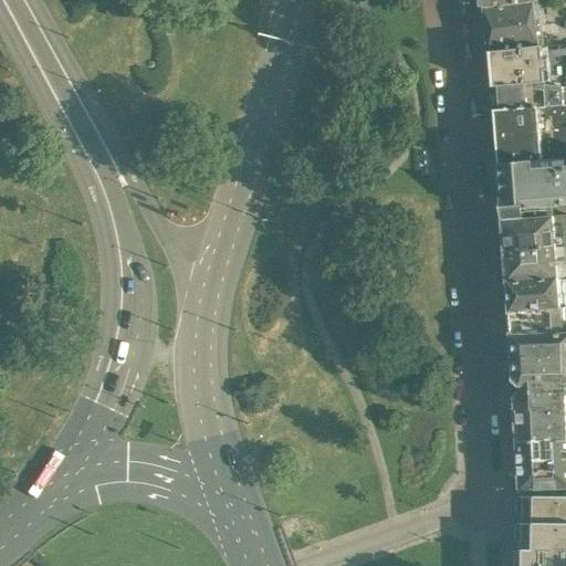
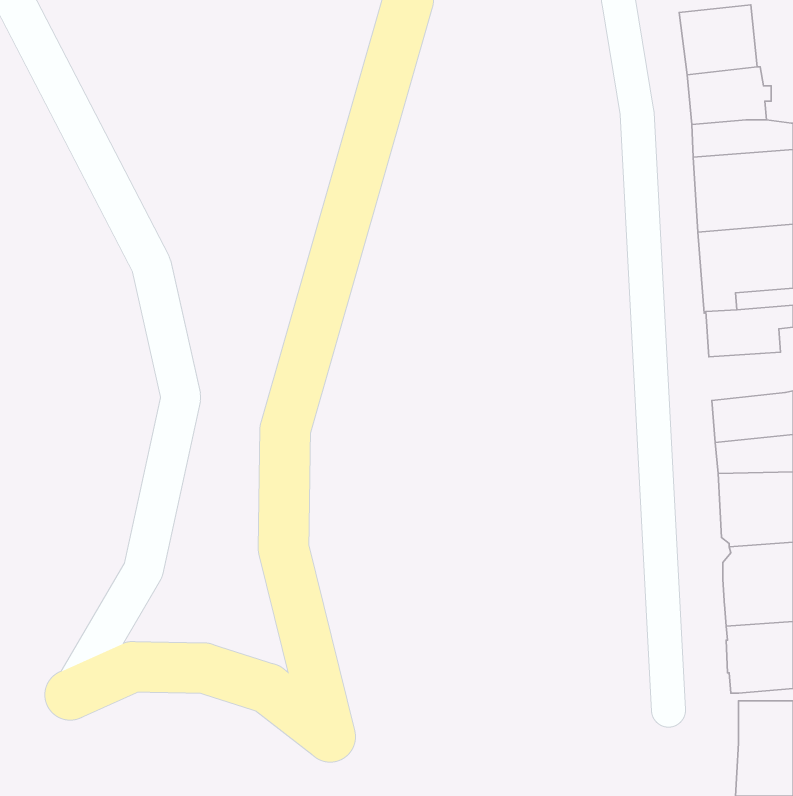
building: [503,250,557,284] -> none

